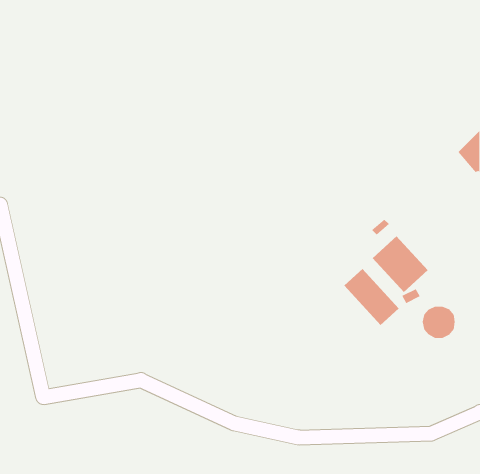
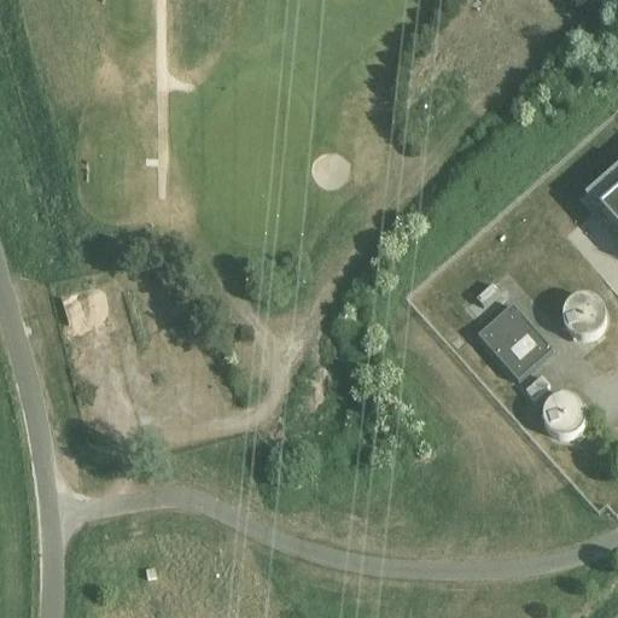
building: none -> [561,293,602,336]
building: [343,268,399,326] -> none

